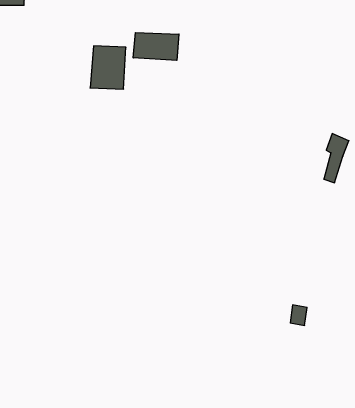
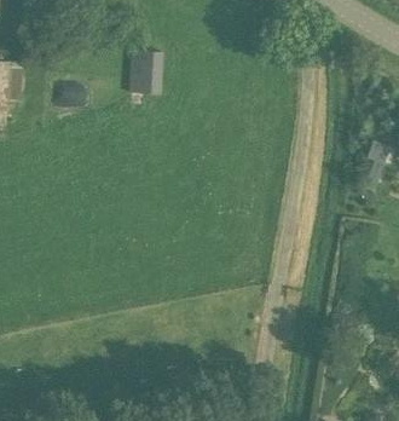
building: [133,33,179,60] -> none

